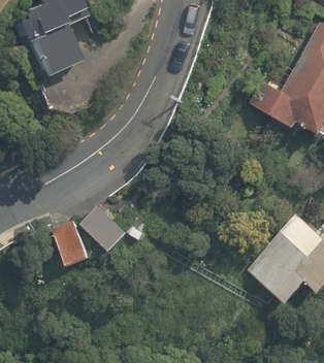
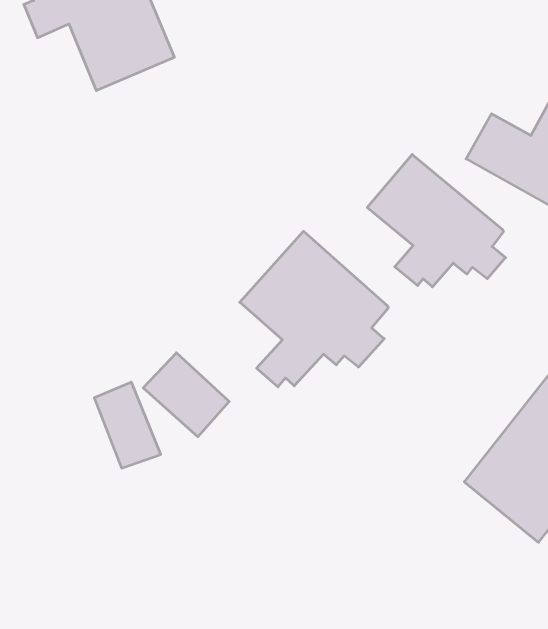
building: none -> [367,154,506,287]
building: none -> [240,231,388,387]

